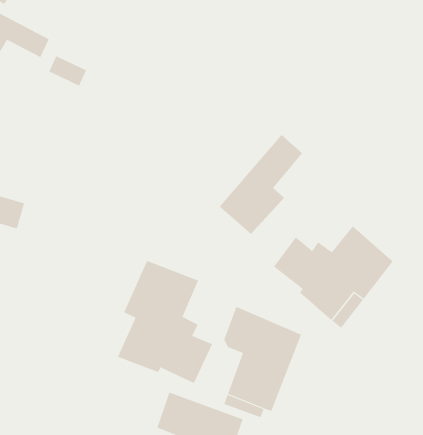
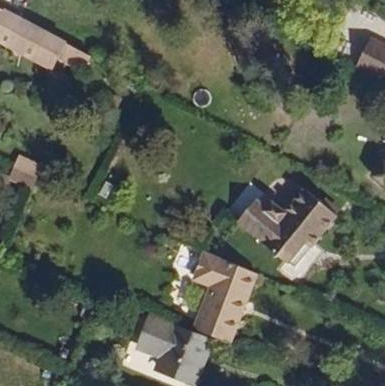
building: [219,134,303,235] -> none
building: [117,260,213,384] -> none

